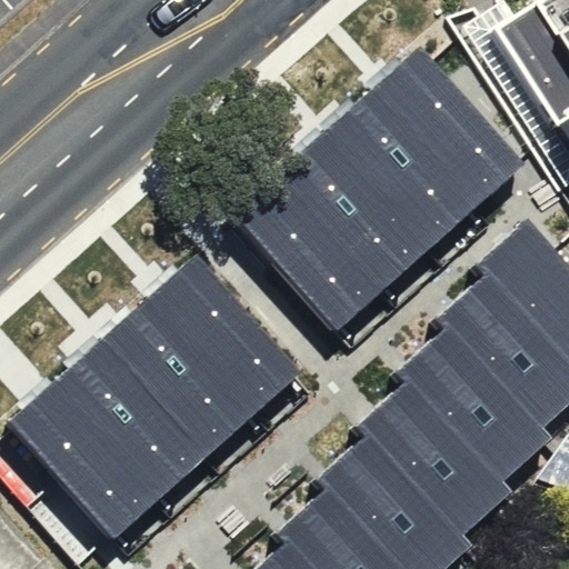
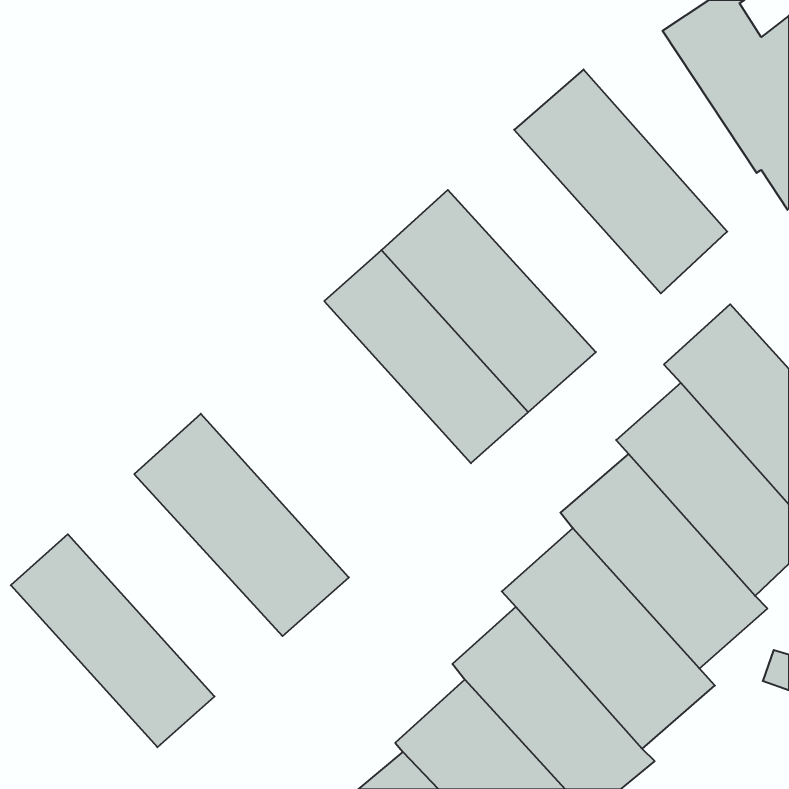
building: [322,93,476,253] -> none
building: [144,254,298,416] -> none
building: [49,341,203,501] -> none

